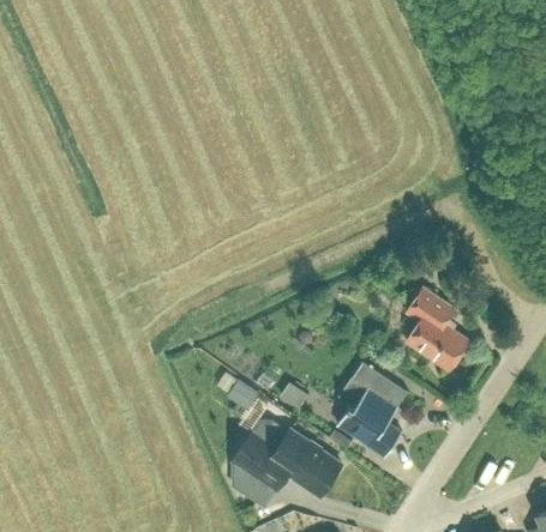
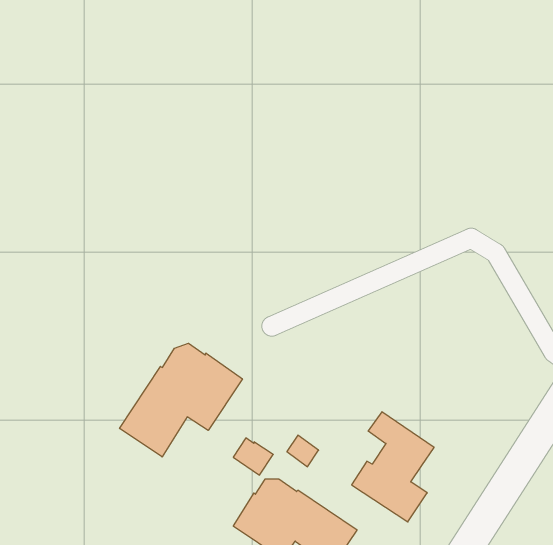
building: [404,288,469,371] -> none
building: none -> [120,343,242,457]

